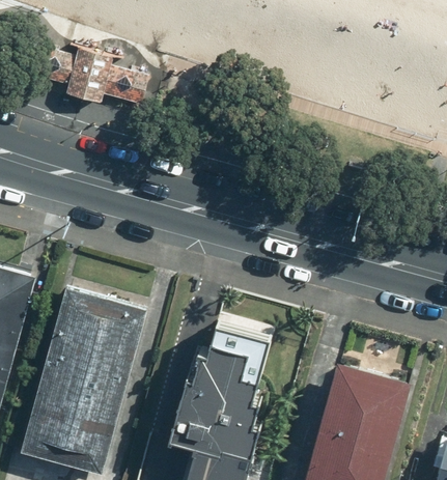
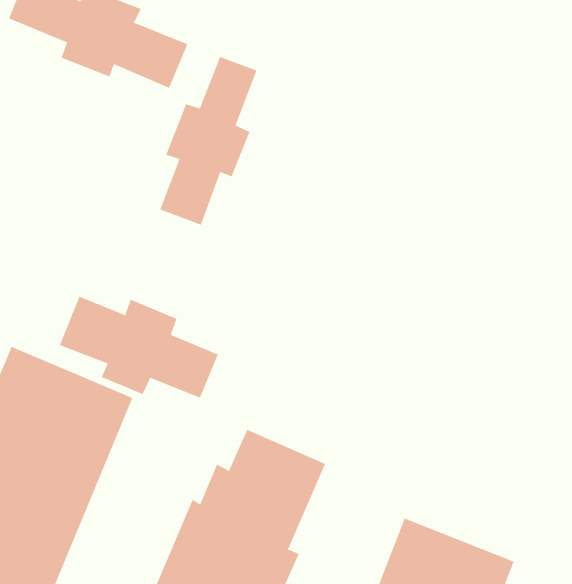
building: none -> [159,56,257,225]
building: none -> [59,296,218,399]

